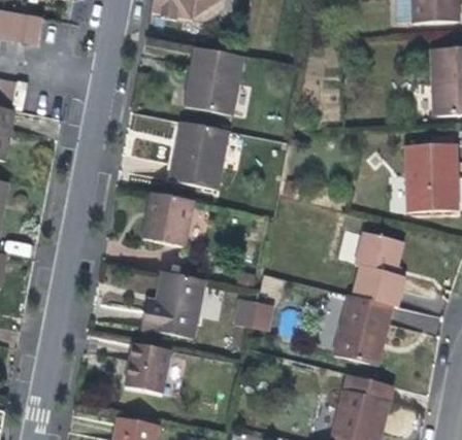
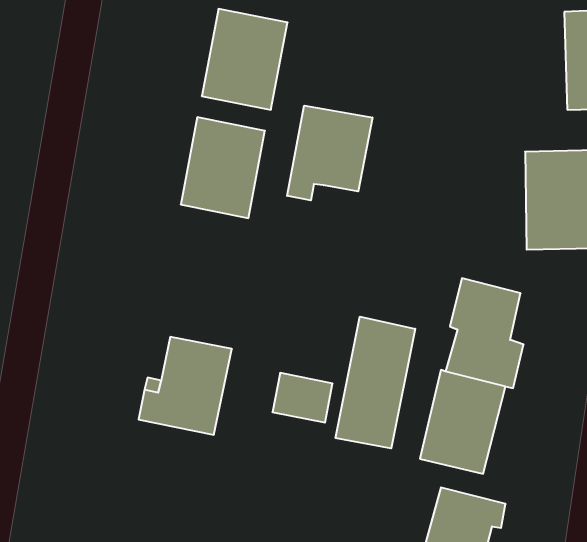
building: none -> [287,106,372,200]
building: [143,192,193,246] -> none
building: none -> [336,317,415,448]
building: [125,342,170,394] -> none

